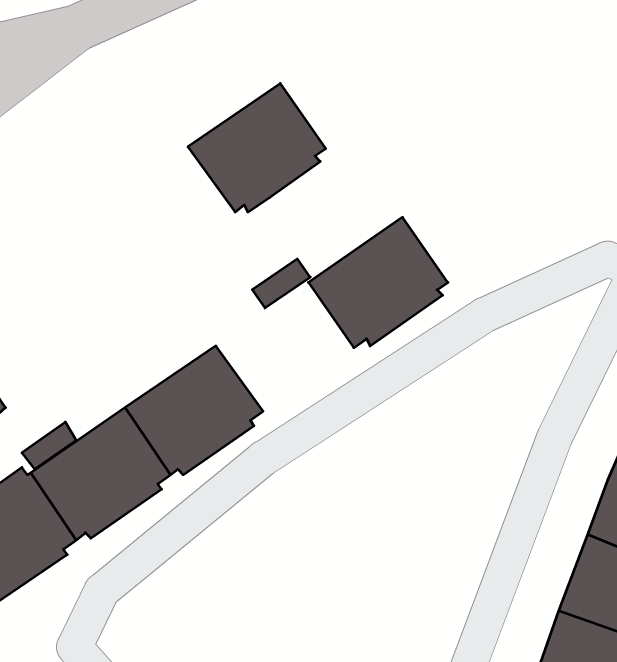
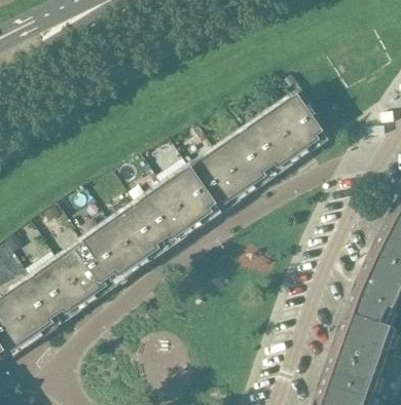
building: [188,83,326,212] -> [139,169,217,242]
building: none -> [245,95,325,169]

